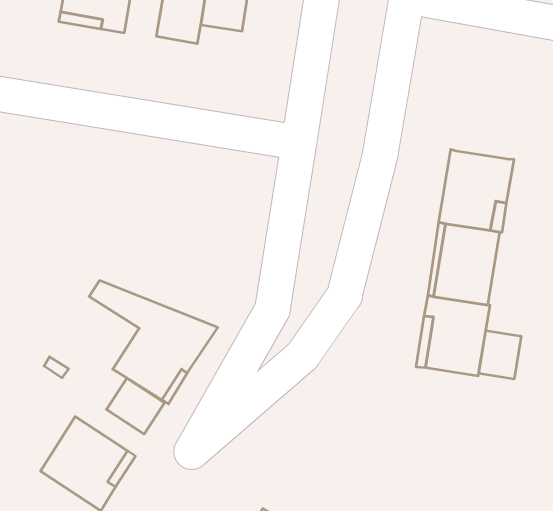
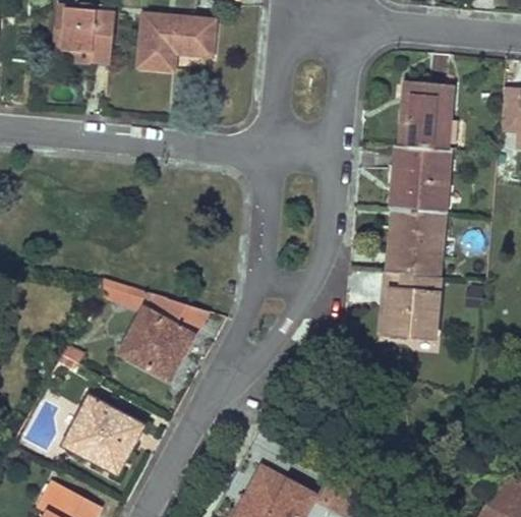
building: none -> [402,83,453,151]
building: [479,330,521,379] -> none
building: [106,378,165,434] -> none

